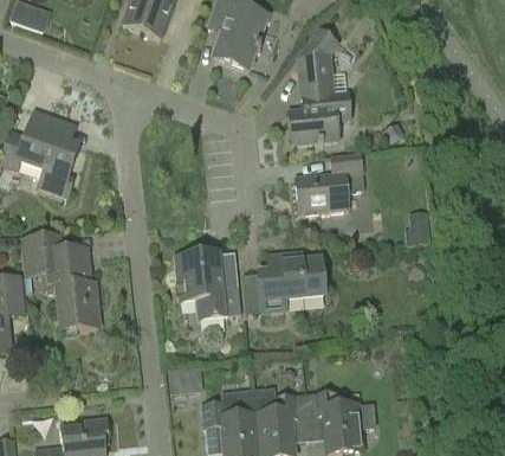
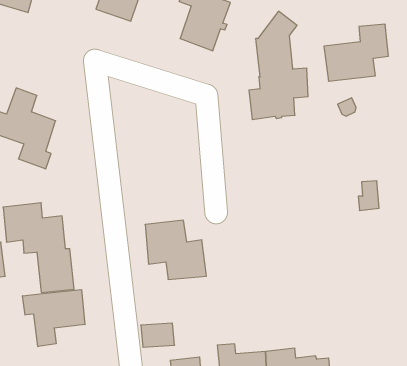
building: [293,153,363,214] -> [324,24,388,81]
building: [244,255,323,313] -> none
building: none -> [23,290,85,347]

